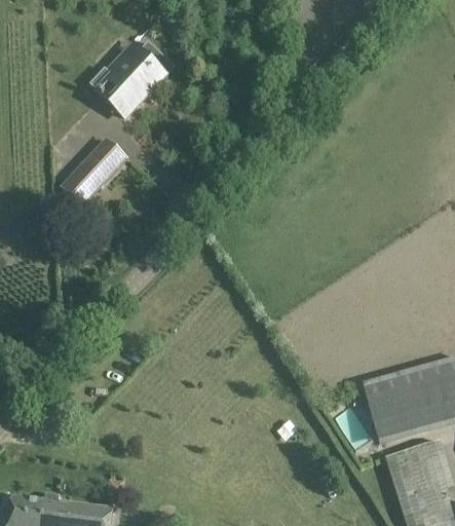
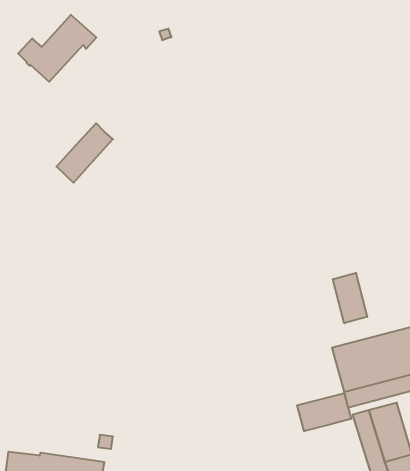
building: [90,41,176,114] -> [18,15,96,82]
building: none -> [333,273,367,323]
building: none -> [297,393,351,431]

